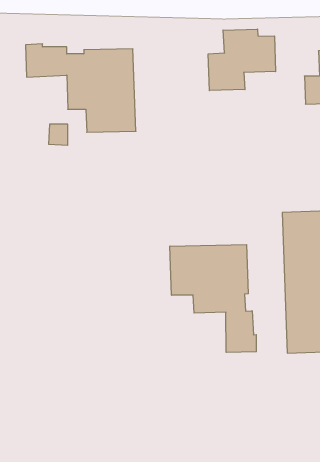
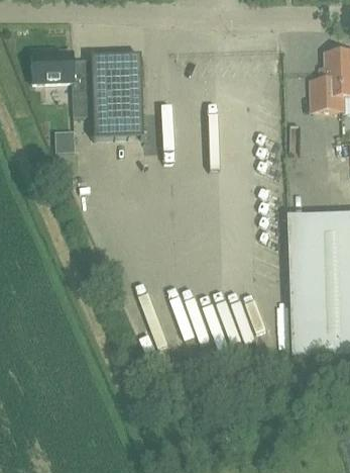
building: [208,29,276,91] -> none
building: [170,245,256,352] -> none

